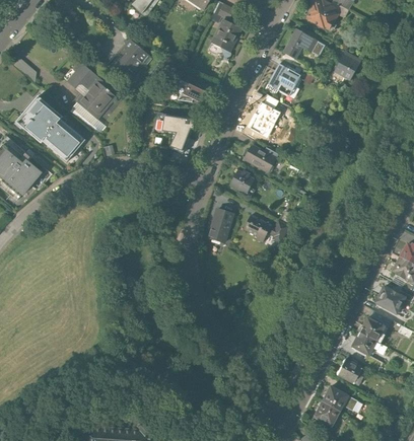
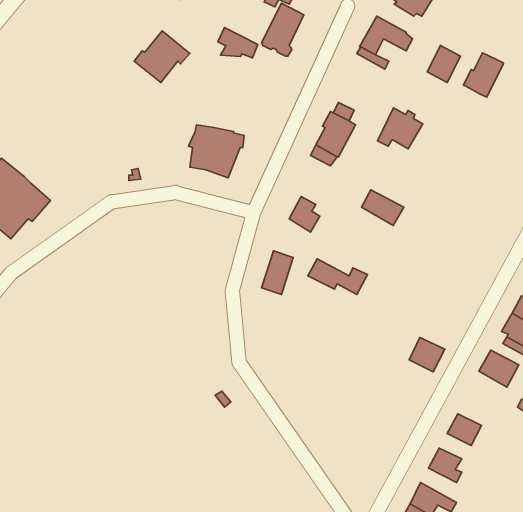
building: none -> [463,53,504,97]
building: [68,62,115,119] -> none
building: [266,64,300,95] -> [378,108,423,149]
building: [175,79,205,102] -> [218,27,258,58]
building: [15,95,85,162] -> none
building: [245,145,277,172] -> [361,190,404,226]
building: [358,316,386,343] -> [409,337,445,372]

